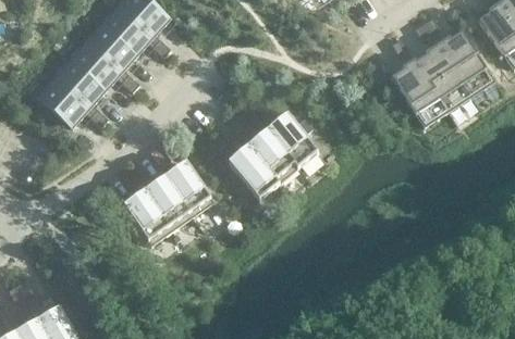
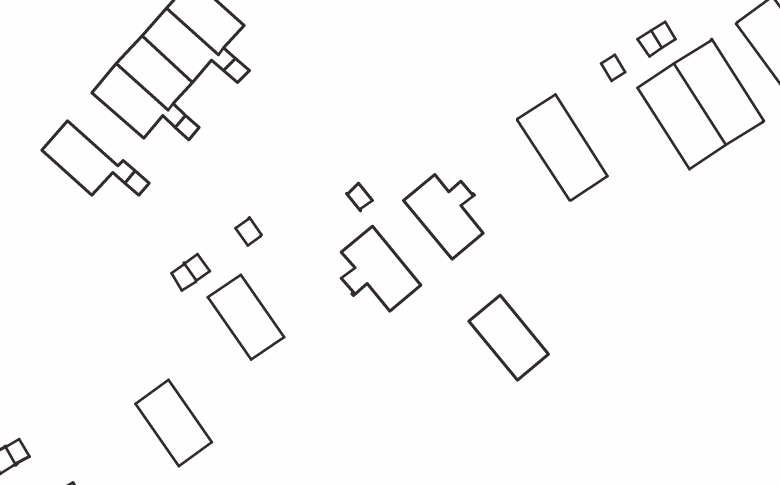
building: [391,56,447,123] -> [518,95,608,200]
building: [57,60,105,105] -> none
building: [248,127,298,180] -> [469,295,549,380]
building: [165,159,214,213] -> none
building: [124,188,172,242] -> [136,380,212,466]

